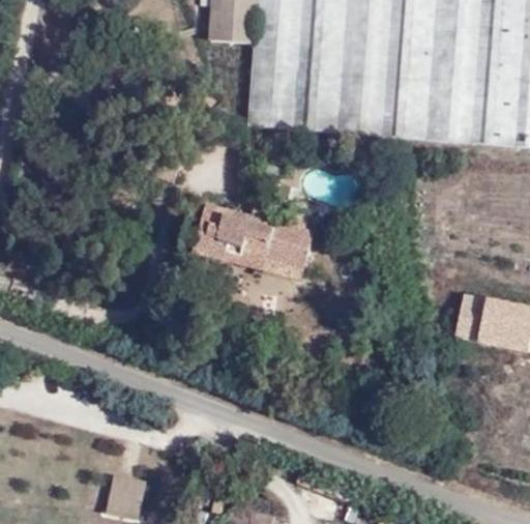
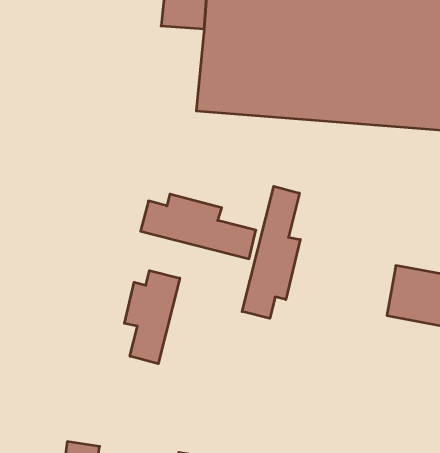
building: none -> [242,186,300,318]
building: none -> [124,271,180,364]

